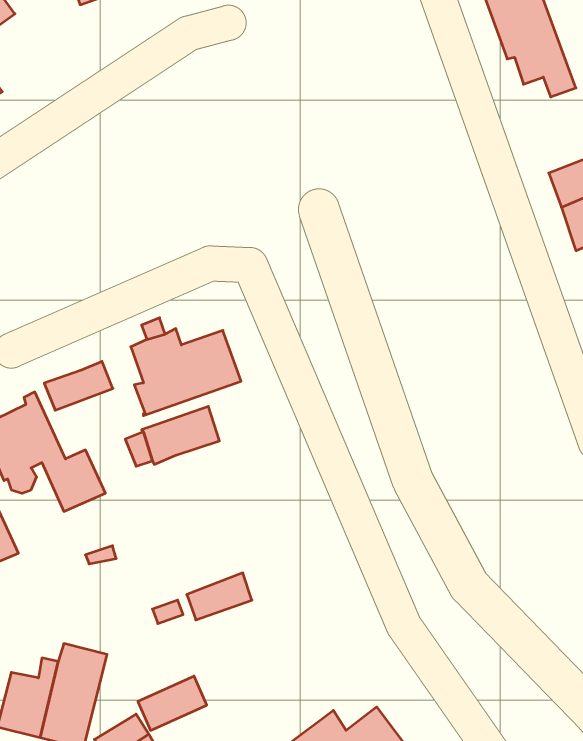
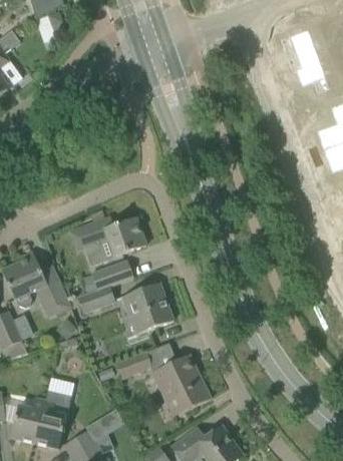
building: [44,361,113,410] -> [77,286,115,313]
building: none -> [121,282,173,334]
building: none -> [152,354,211,415]

